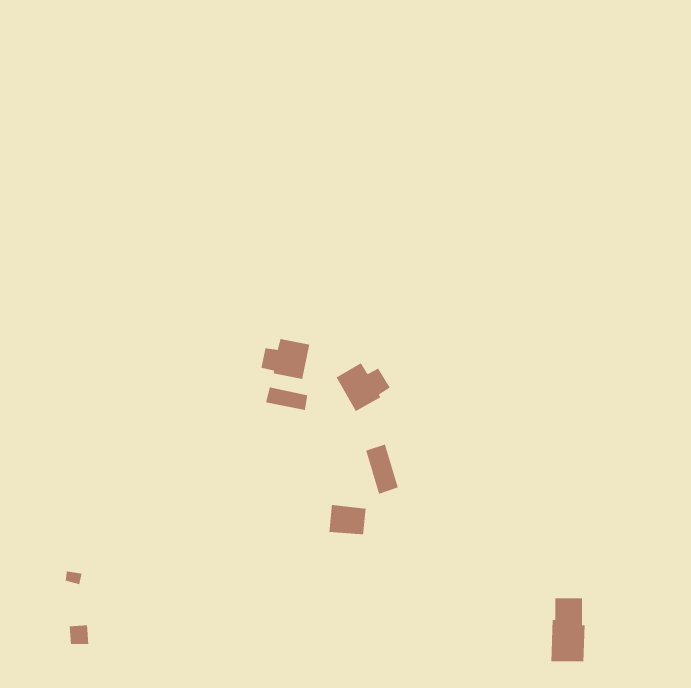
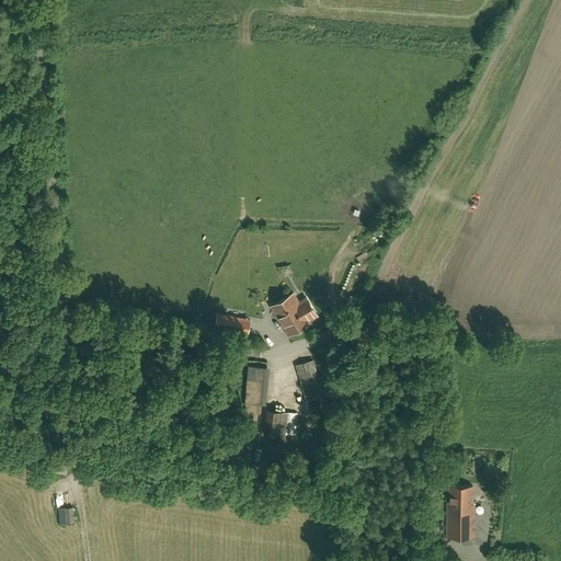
building: [260,338,310,380] -> none
building: none -> [245,367,267,407]

